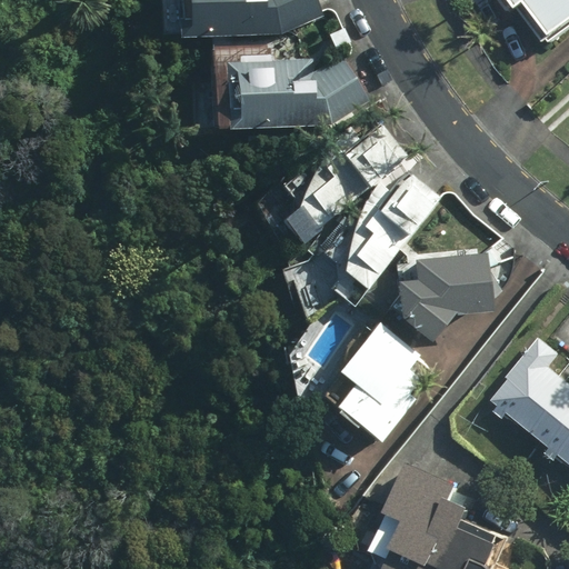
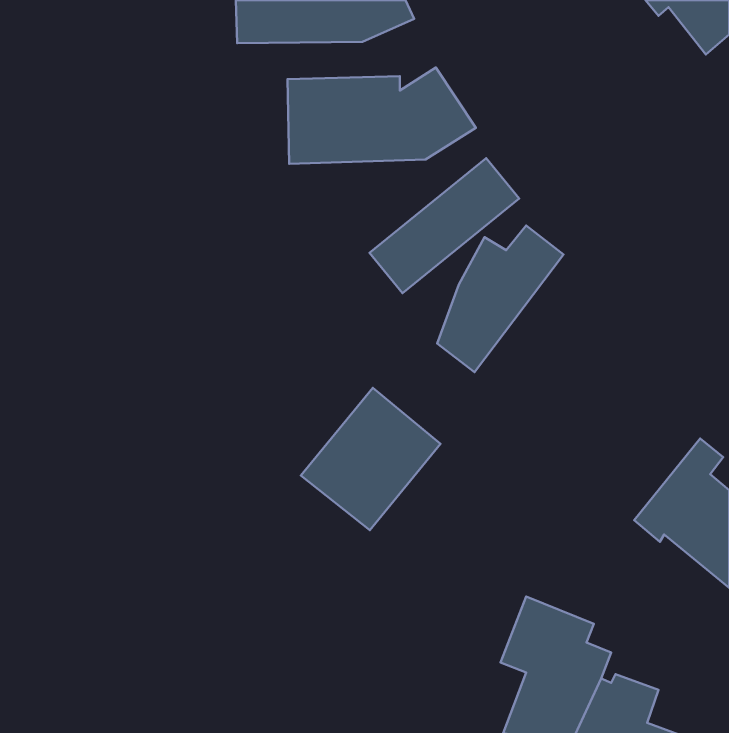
building: [393,254,488,338] -> none
building: [320,322,428,432] -> [301,388,440,530]

